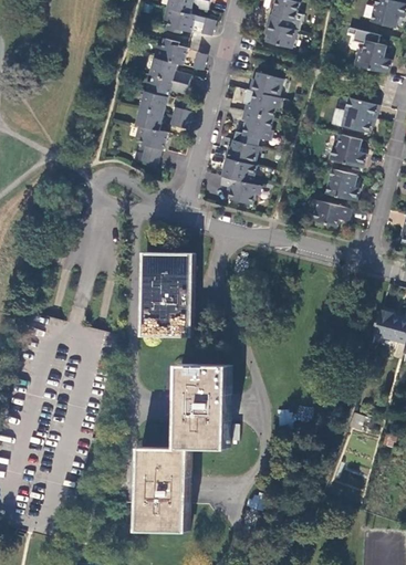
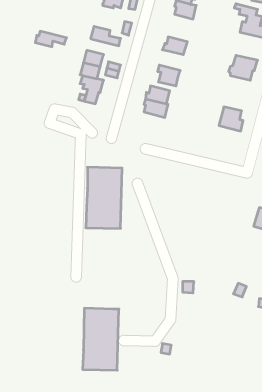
building: [153,39,187,65] -> none
building: [145,76,188,97] -> [35,31,67,47]
building: [243,92,277,119] -> none
building: [330,135,365,168] -> none
building: [220,176,257,205] -> none
building: [312,200,351,227] -> none
building: [180,364,229,448] -> none

